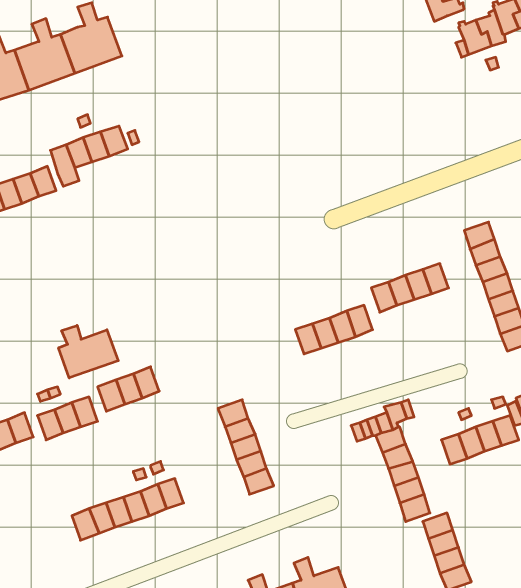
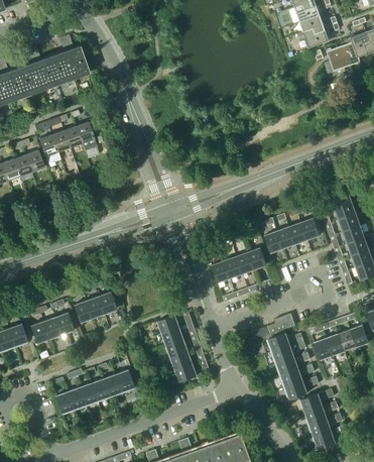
building: [59,325,118,378] -> none

